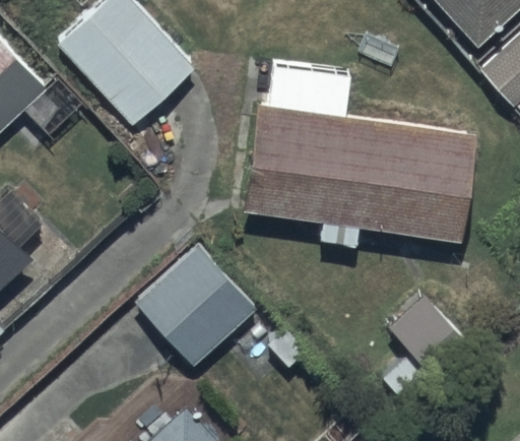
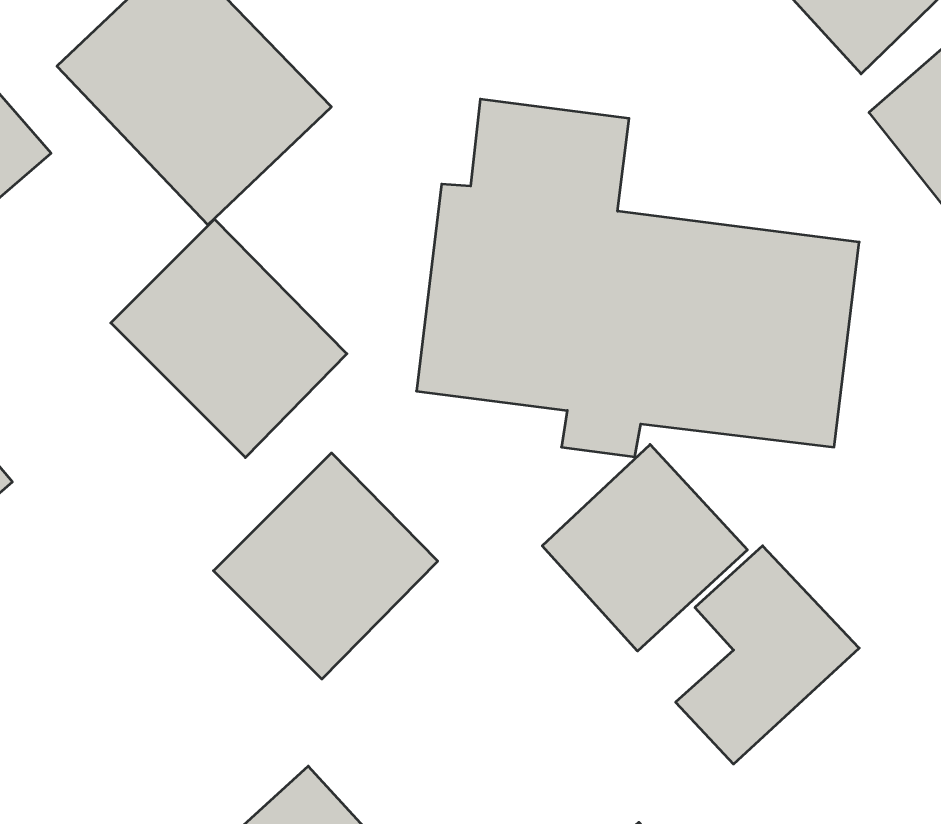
building: none -> [111,219,347,458]
building: none -> [542,444,747,651]

